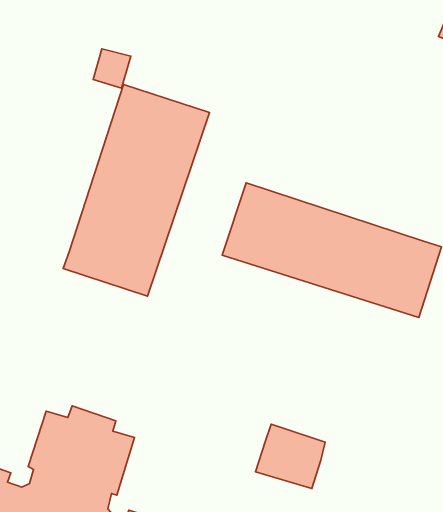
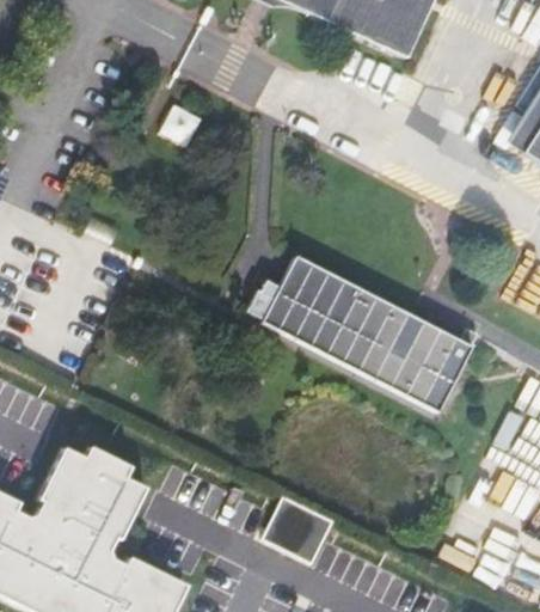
building: [63,85,210,296] -> none

